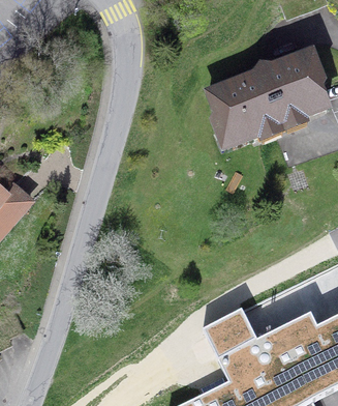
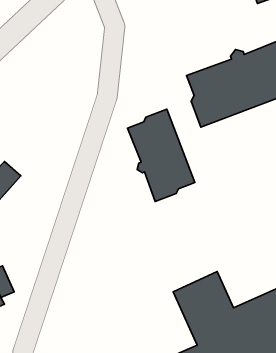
building: none -> [127,109,195,202]

